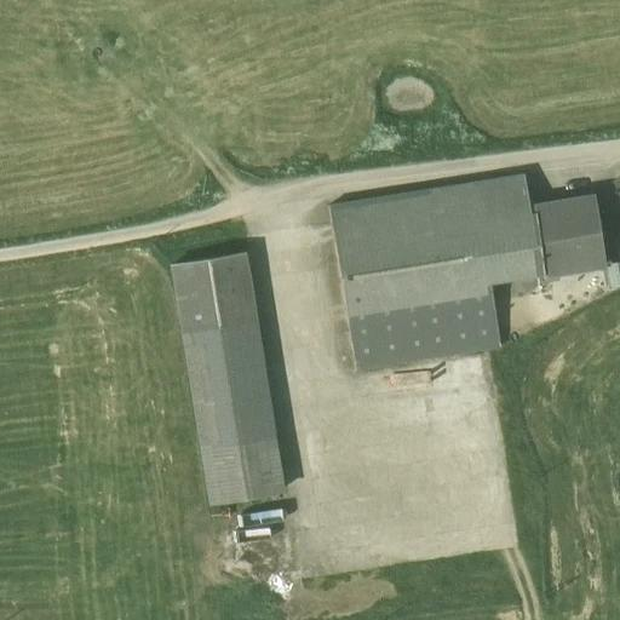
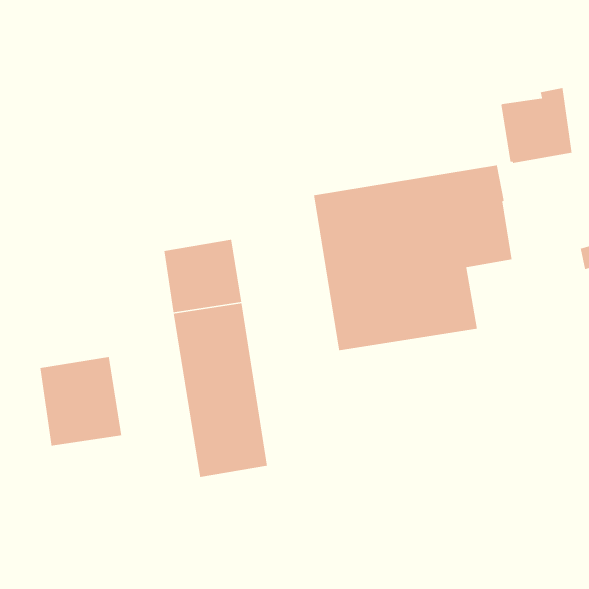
building: [529,196,604,276] -> [501,87,572,164]
building: none -> [40,356,122,446]

